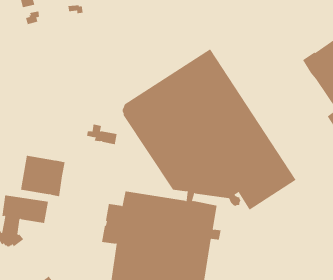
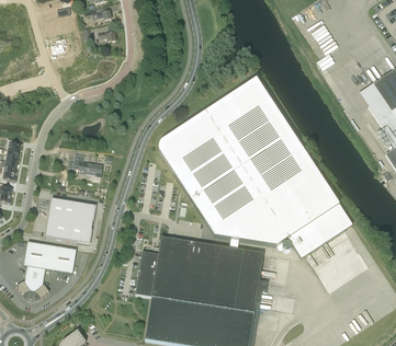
building: [86,124,118,145] -> [68,153,103,176]

